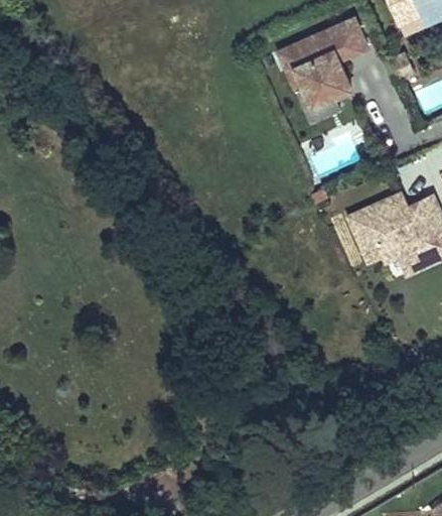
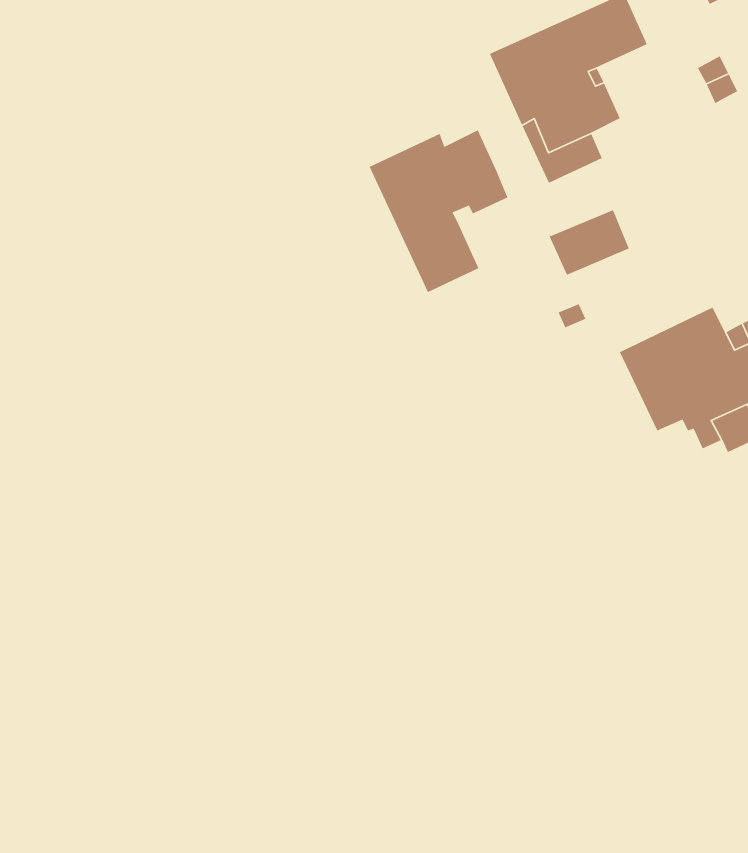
building: none -> [368,129,509,293]

